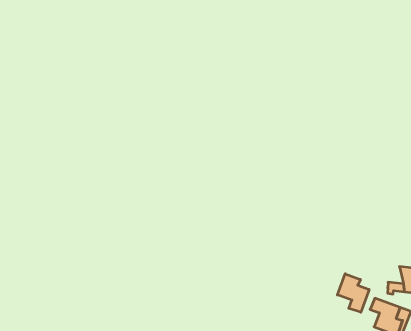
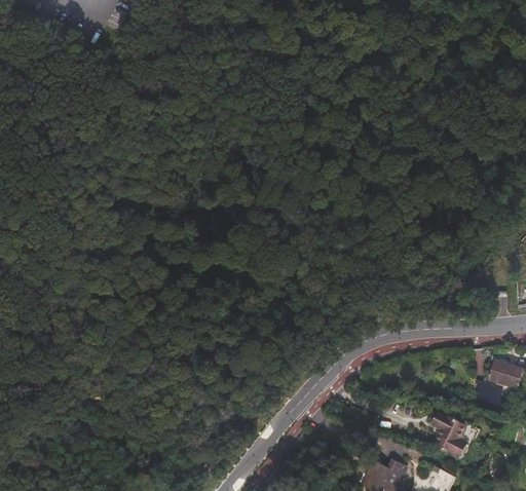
building: [337,274,369,312] -> none

